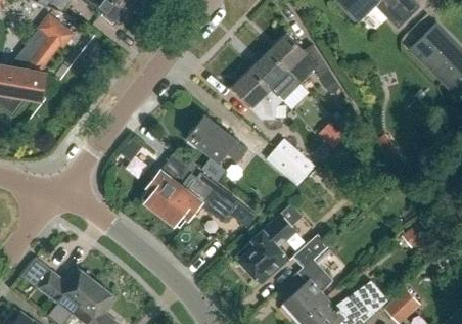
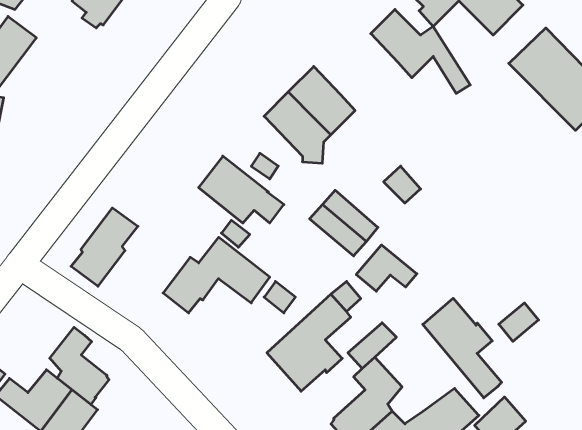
building: [269,33,340,93] -> [371,9,470,93]
building: [141,156,189,213] -> [71,208,138,286]
building: none -> [356,245,417,291]
building: none -> [423,298,502,398]
building: none -> [50,327,109,405]

